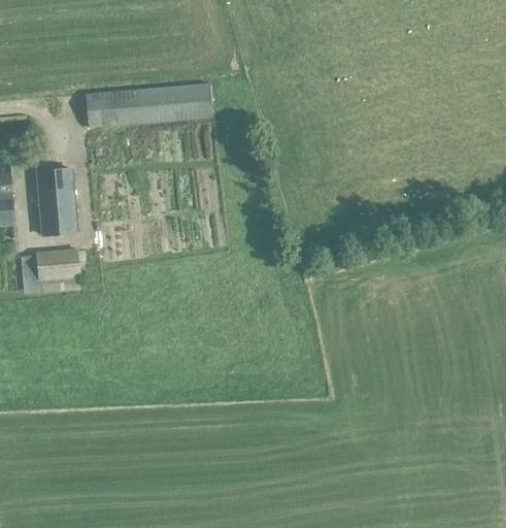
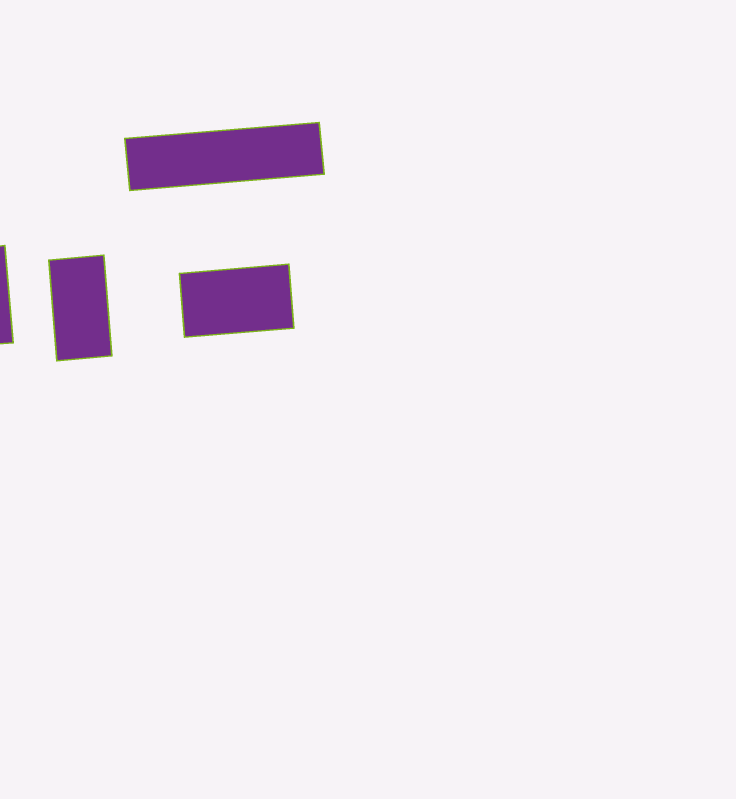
building: none -> [180,264,294,337]
building: [20,248,79,293] -> none

